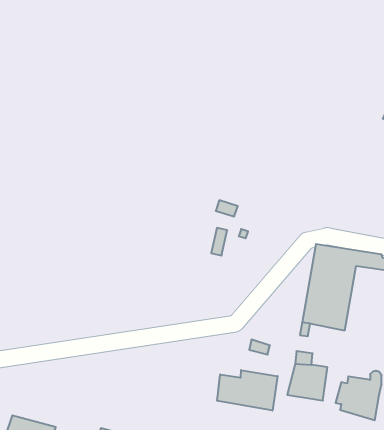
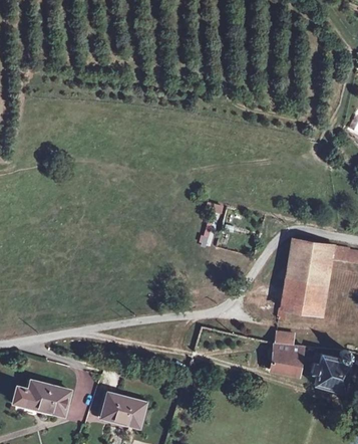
building: [217,370,278,411] -> none

